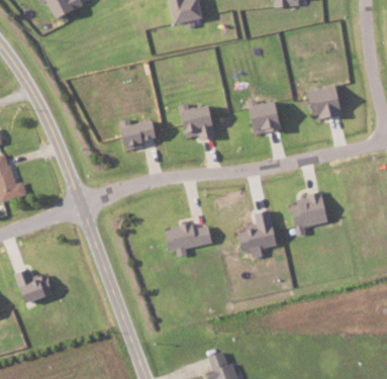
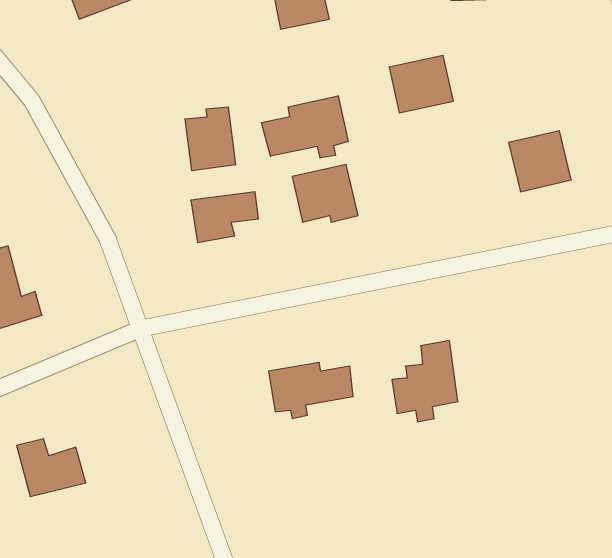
building: none -> [261,96,348,158]
building: none -> [185,107,235,171]
building: [244,101,282,135] -> [389,55,453,113]
building: [290,191,328,235] -> none

